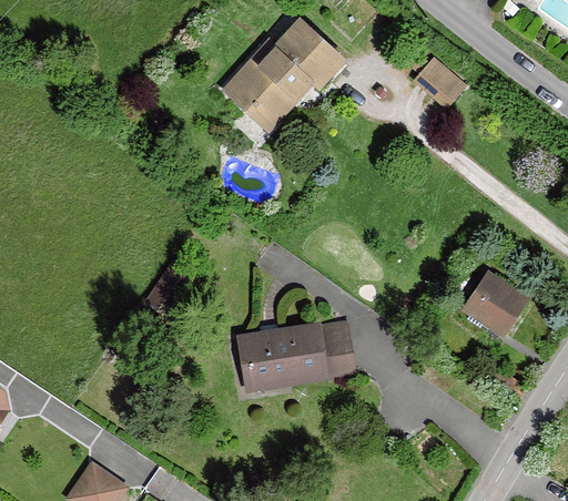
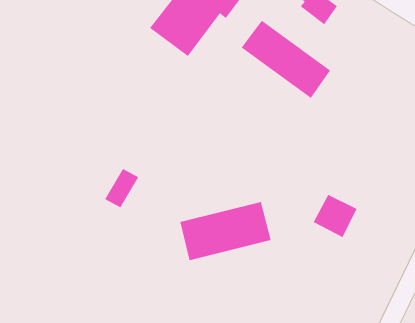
building: none -> [241,20,331,99]
building: [464,275,521,331] -> [313,194,358,238]

